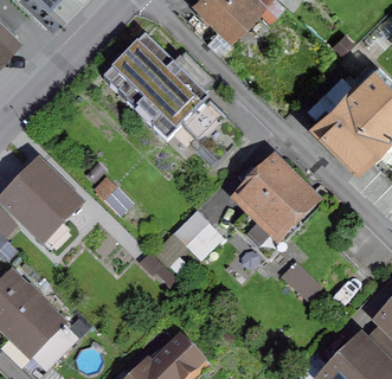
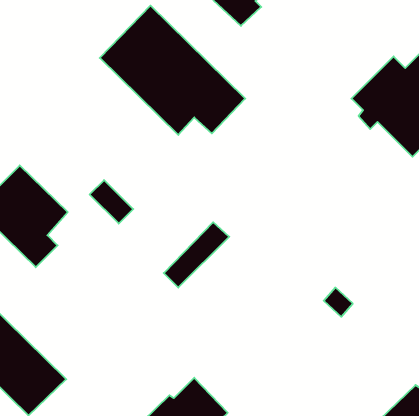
building: [234,163,313,257] -> none

